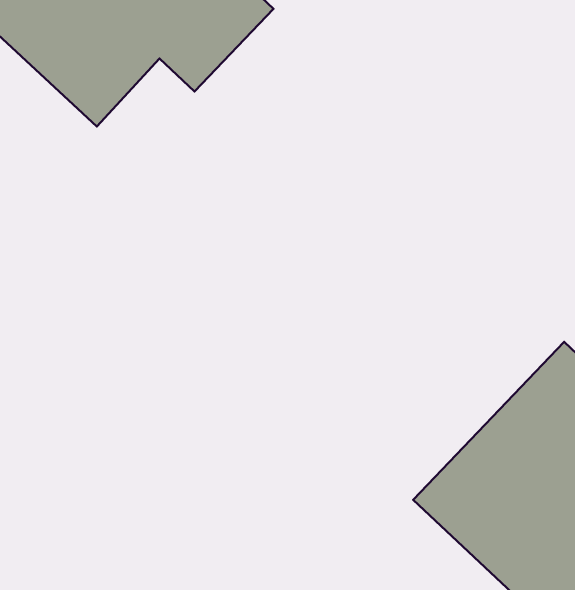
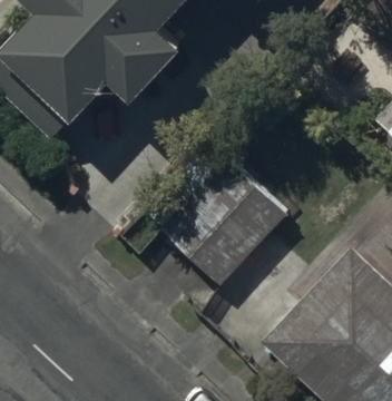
building: none -> [163,159,294,292]

